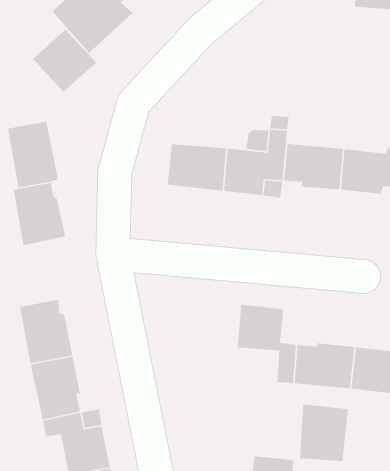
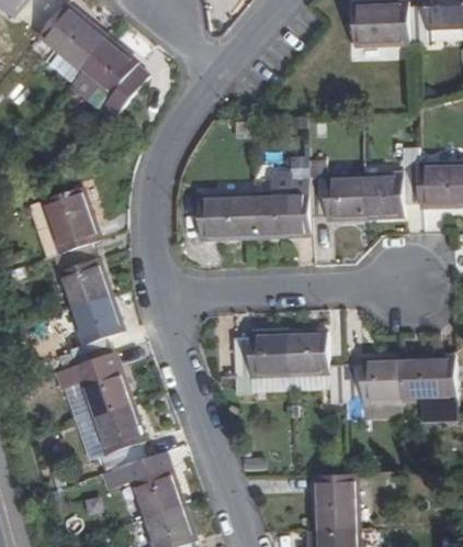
building: [32,29,97,93] -> none
building: none -> [71,295,123,367]
building: none -> [230,336,285,379]
building: [299,404,349,462] -> none

